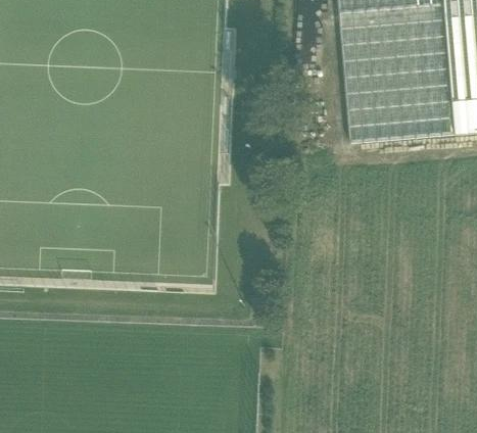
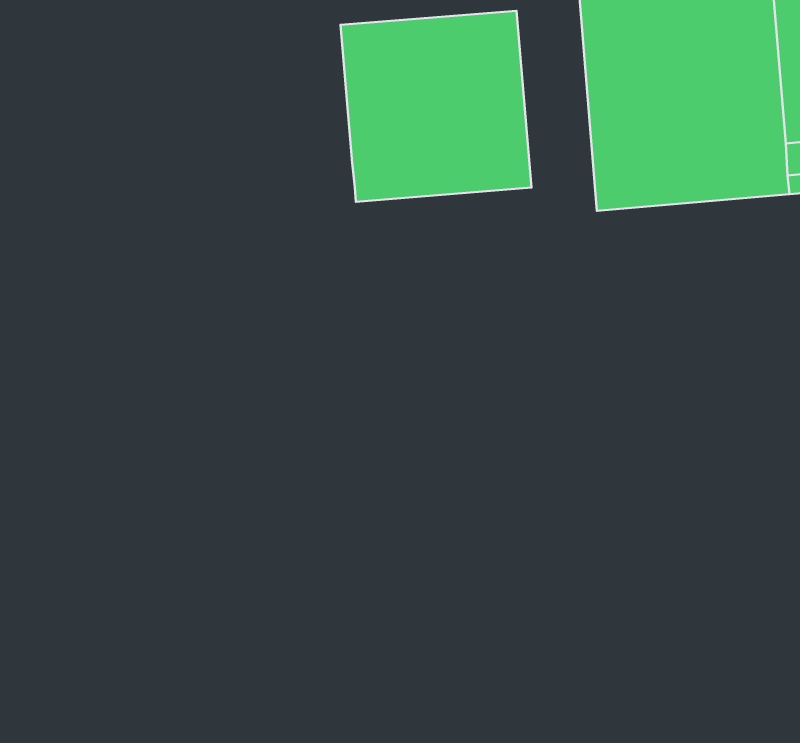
building: none -> [341,11,532,202]

